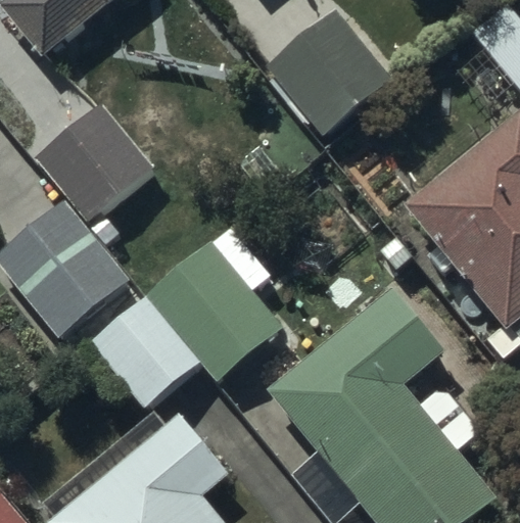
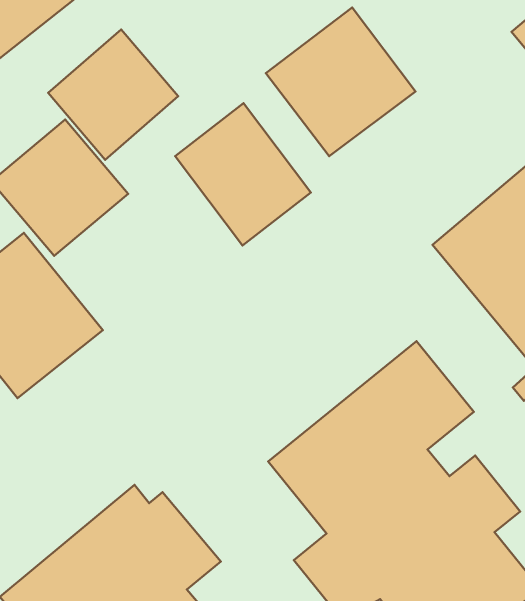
building: none -> [48,29,178,160]
building: none -> [175,103,311,246]
building: [89,227,282,411] -> none

